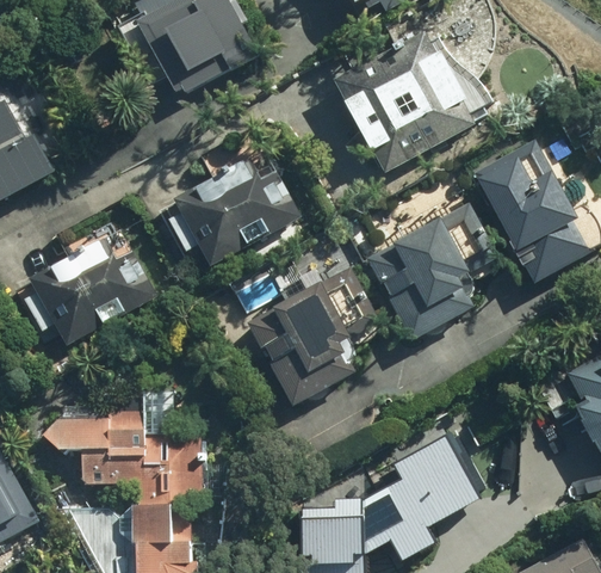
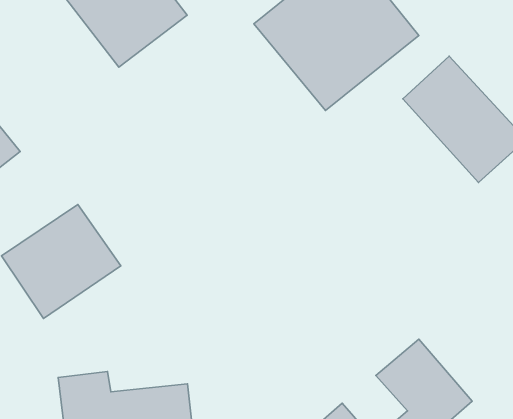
building: [173,149,303,271] -> none
building: [363,197,500,340] -> none
building: [247,265,372,405] -> none

